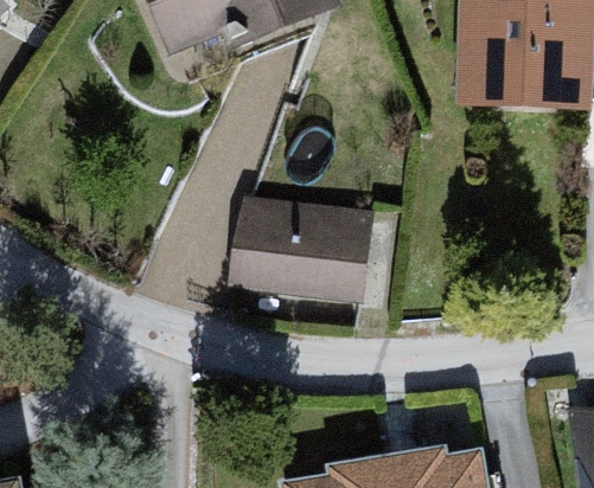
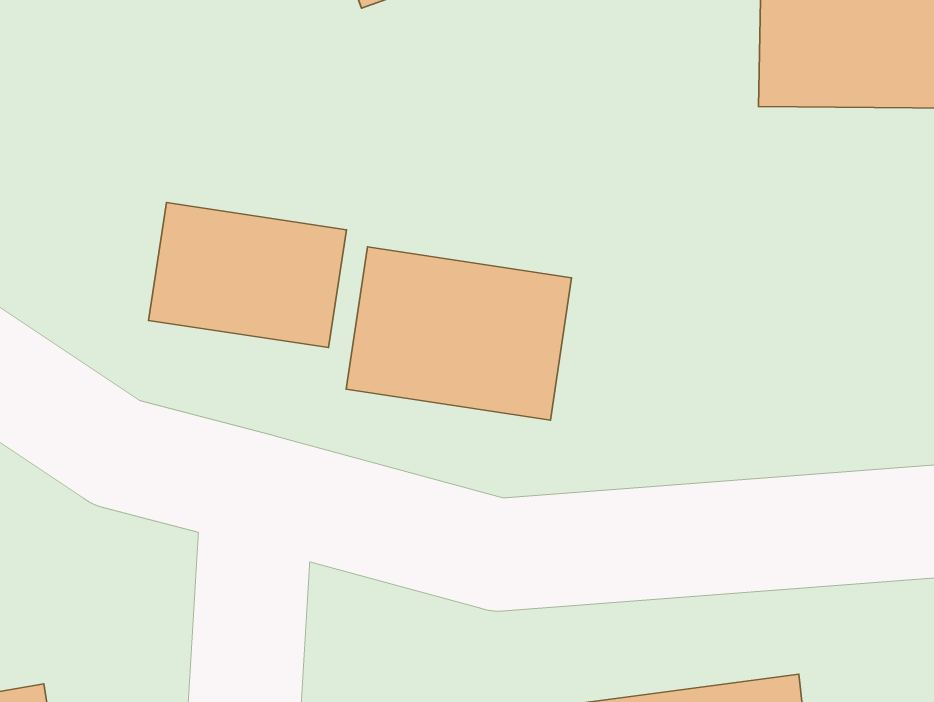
building: none -> [149,203,346,347]

